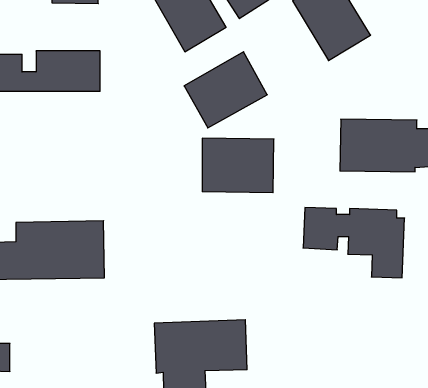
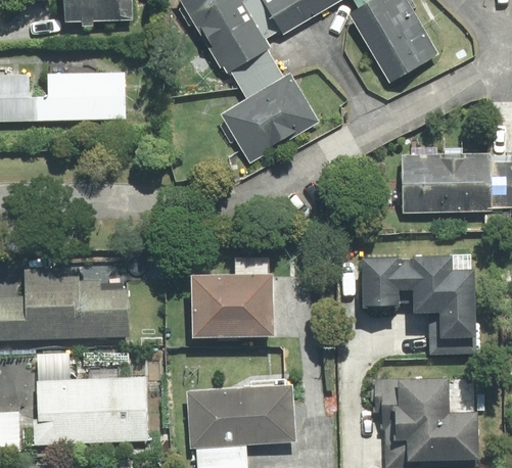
building: [202,138,274,193] -> [192,273,276,336]
building: none -> [35,356,147,441]
building: none -> [370,374,480,459]

